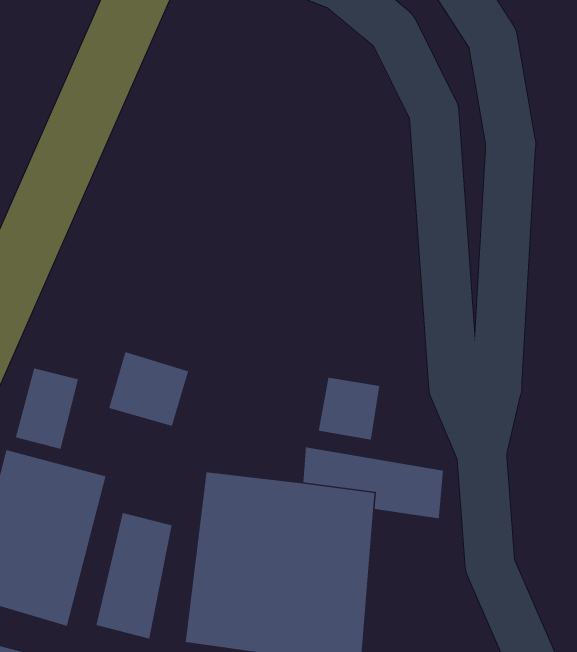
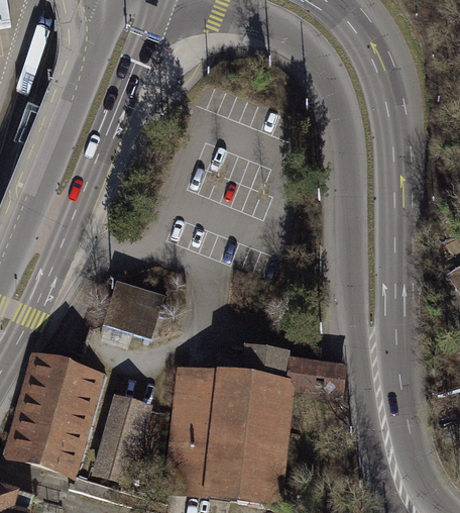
building: [15,368,79,450] -> none
building: [318,377,380,440] -> none

